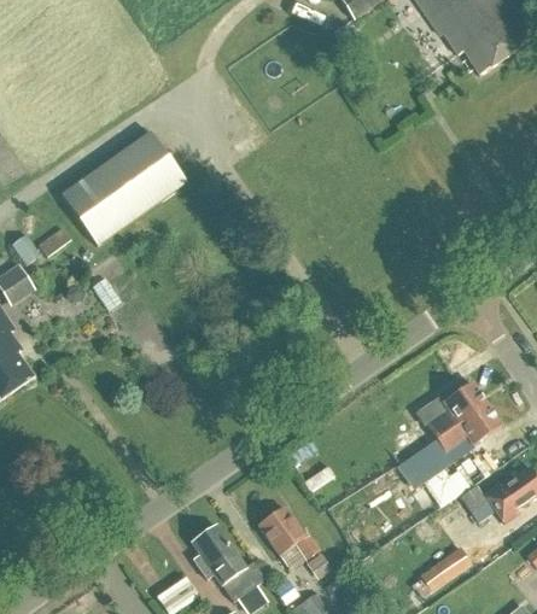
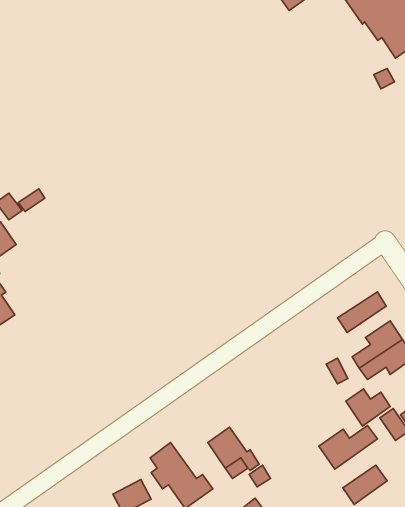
building: [58,131,183,246] -> none
building: none -> [337,292,386,332]
building: none -> [319,425,378,469]

